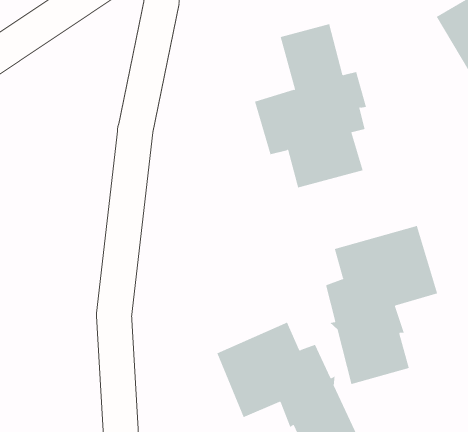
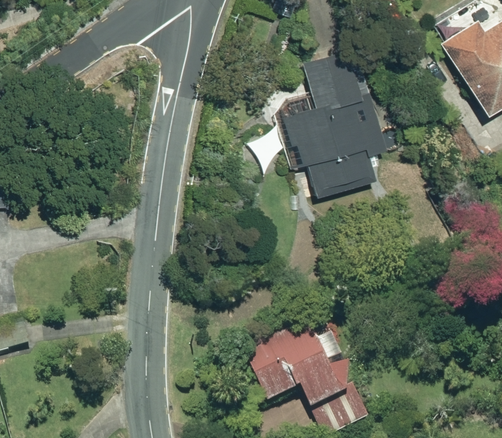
building: [325,225,438,385] -> none

